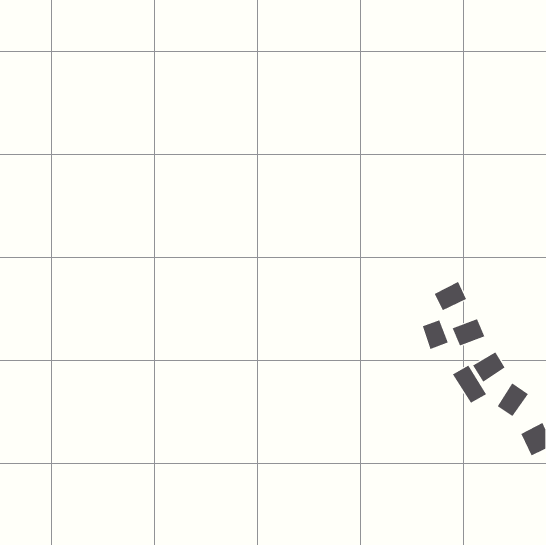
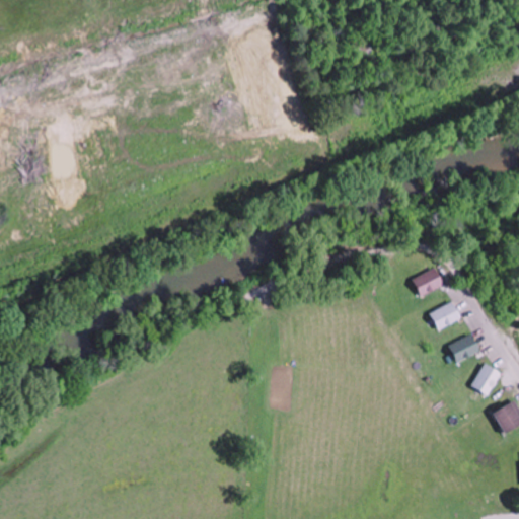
building: [422,320,449,350] -> none
building: [452,365,487,404] -> none

